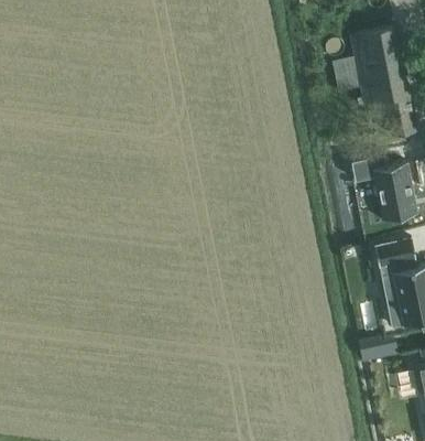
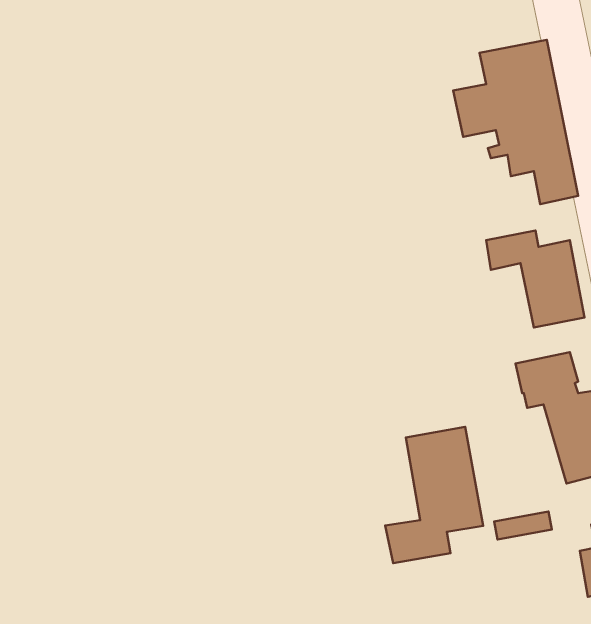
building: none -> [385,427,483,563]

